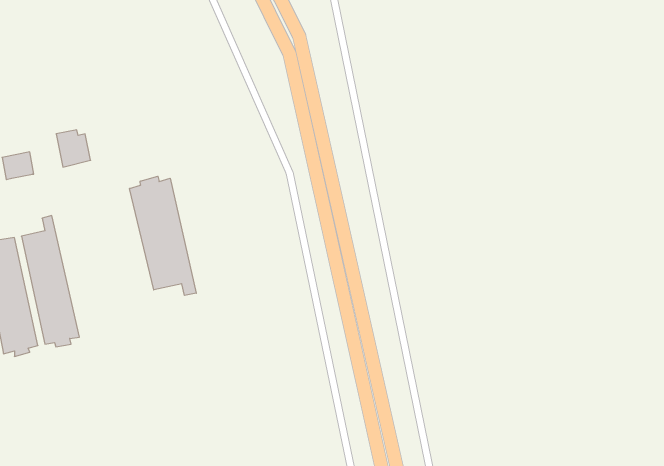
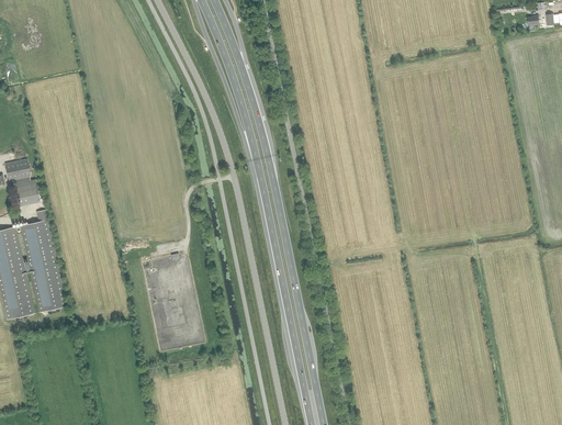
building: [56,130,91,167] -> [11,176,38,205]
building: [130,176,196,295] -> none

